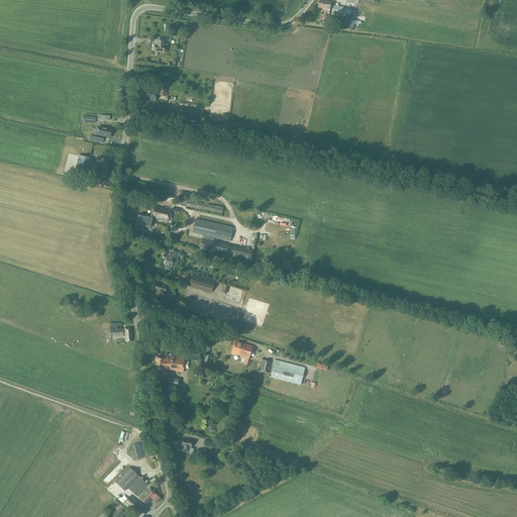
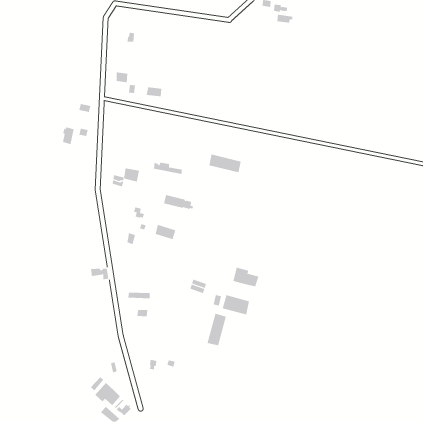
building: [193,218,233,241] -> [208,154,242,173]
building: none -> [233,267,259,287]
building: none -> [207,313,226,346]

